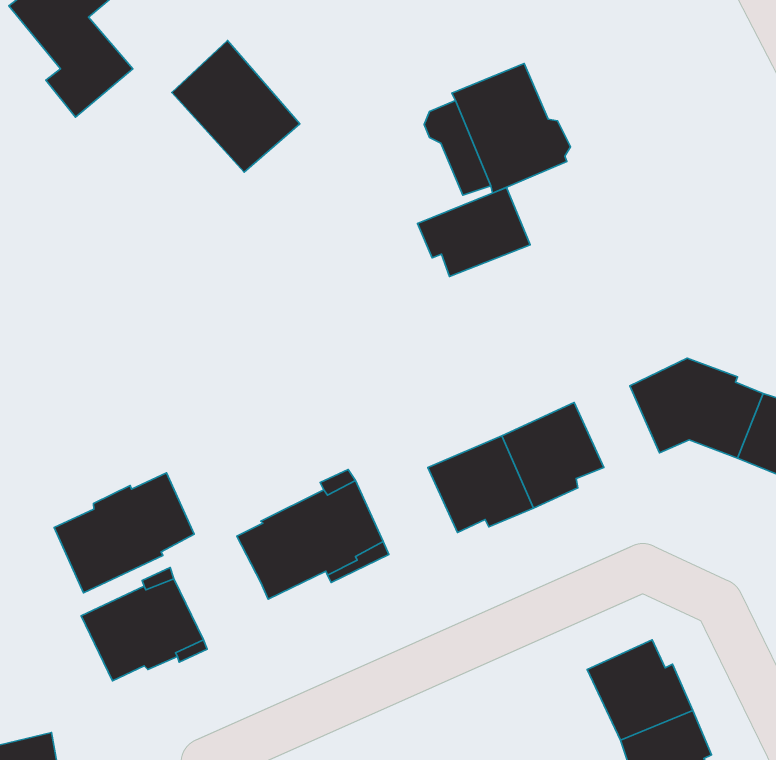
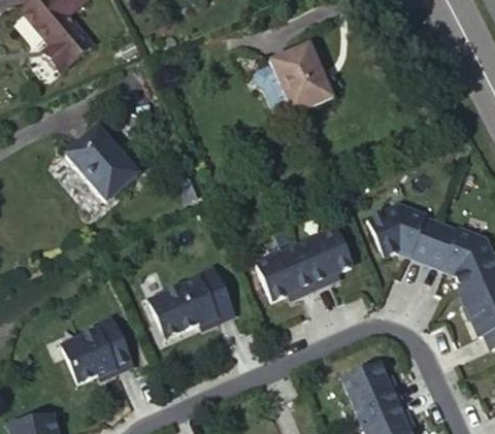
building: [172,40,300,172] -> [64,128,135,201]
building: [418,188,530,277] -> none
building: [54,473,194,593] -> none

